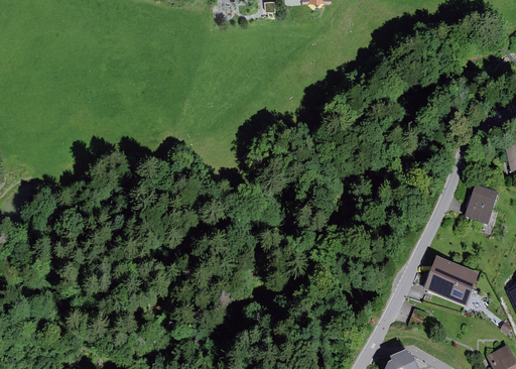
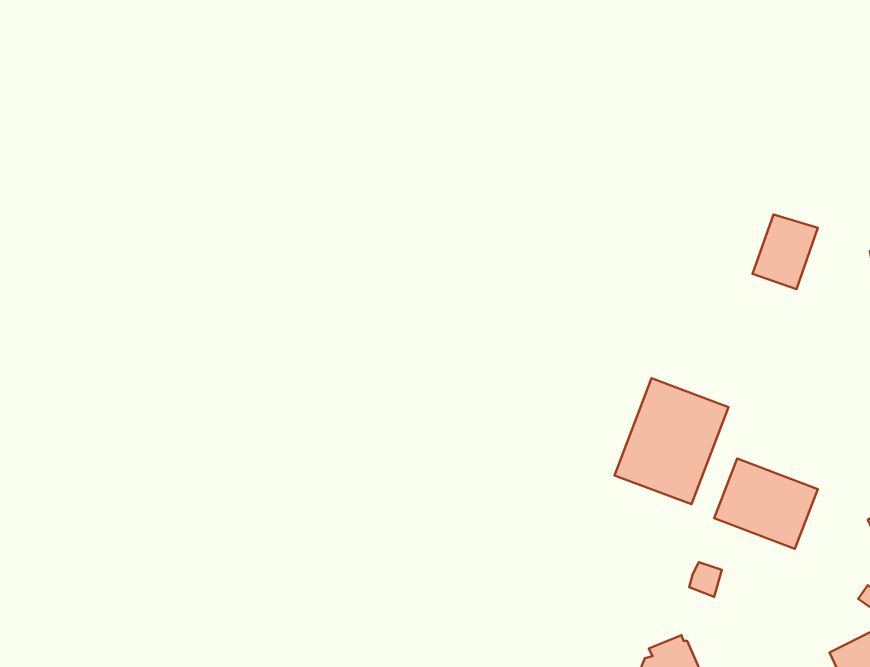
building: [465,184,499,224] -> [752,214,818,289]
building: none -> [615,378,728,504]

